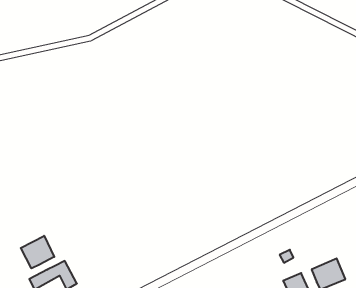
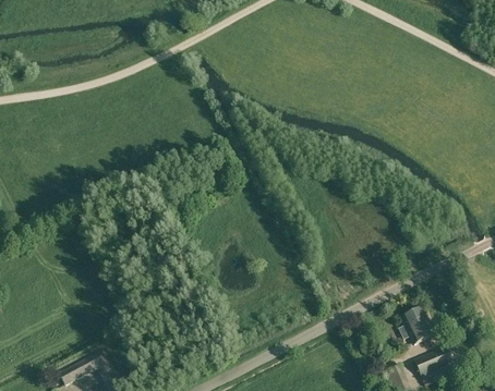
building: none -> [399,307,440,343]
building: [21,236,54,268] -> none

